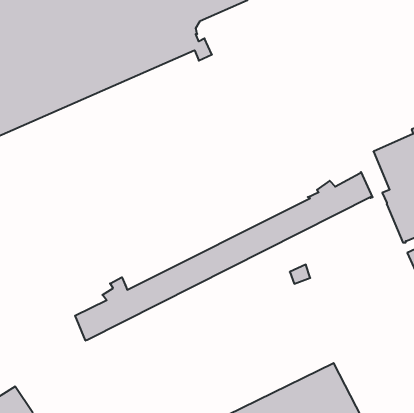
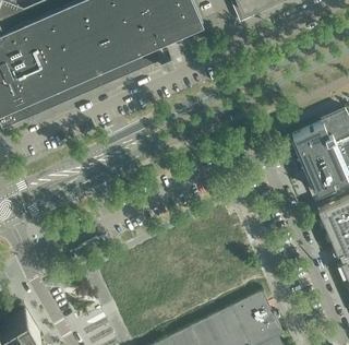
building: [75,172,373,341] -> none

